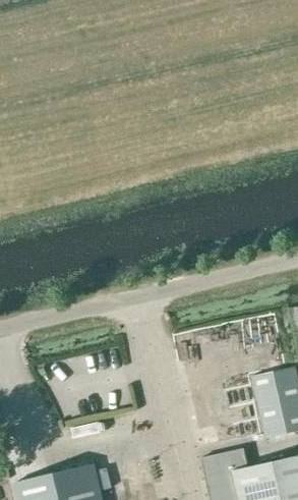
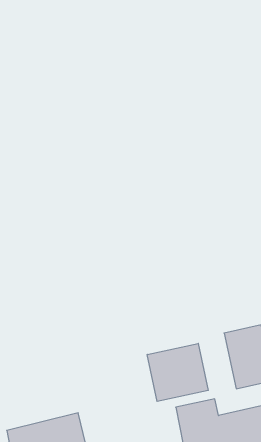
building: none -> [147,343,208,401]

